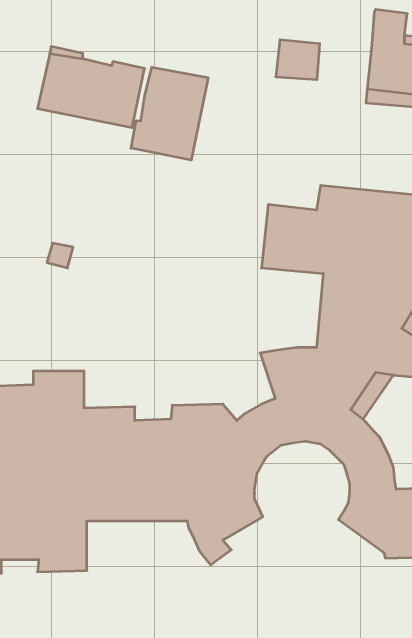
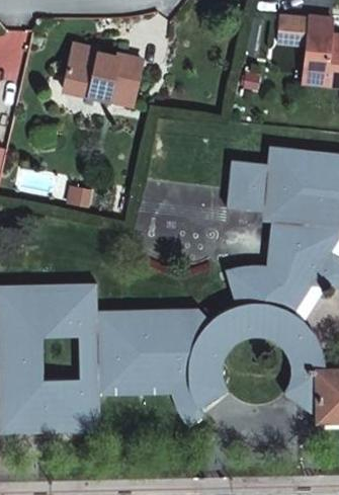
building: [276,40,320,80] -> [277,16,310,46]
building: [131,67,208,160] -> none

